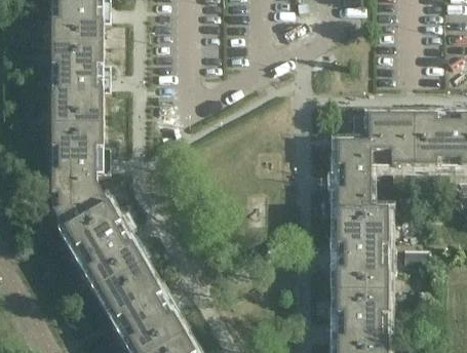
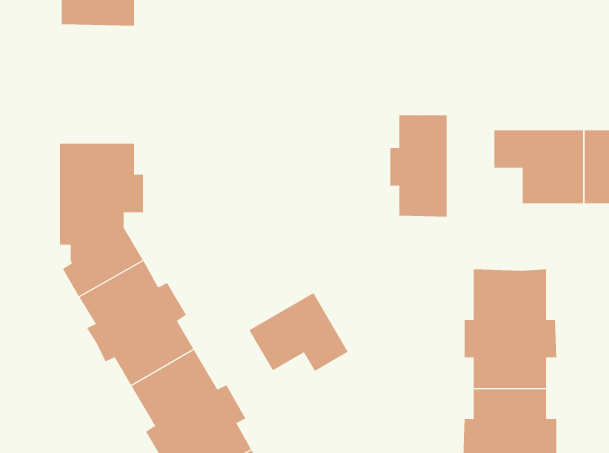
building: [50,41,109,123] -> none
building: [330,141,371,211] -> [390,115,447,217]
building: none -> [249,292,348,372]

